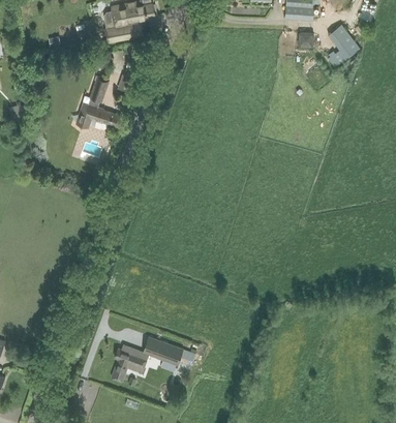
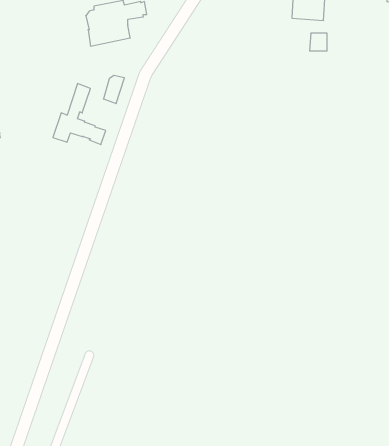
building: [328,25,360,68] -> none
building: [112,337,183,382] -> none

